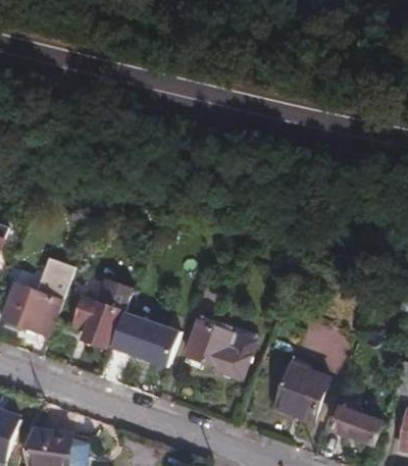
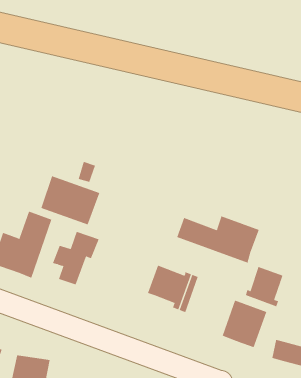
building: none -> [177,216,260,264]
building: [115,303,187,362] -> [40,176,100,225]
building: none -> [245,266,283,307]

